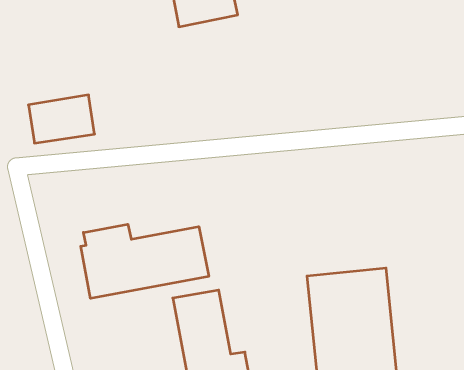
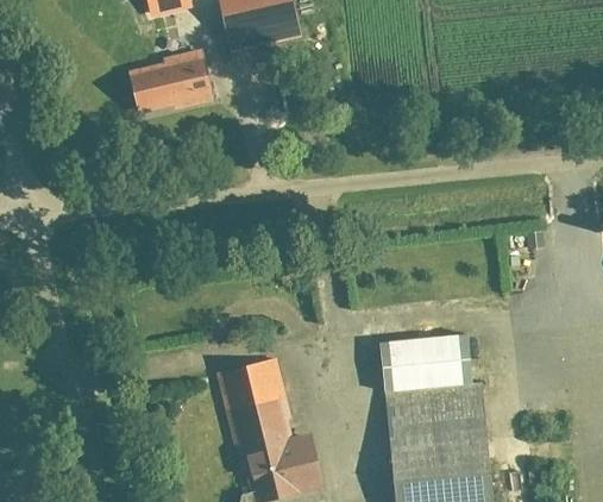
building: [28,95,95,143] -> [131,55,209,112]
building: [81,224,209,298] -> none

